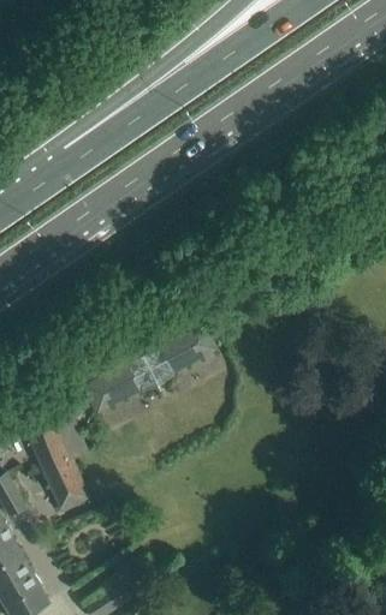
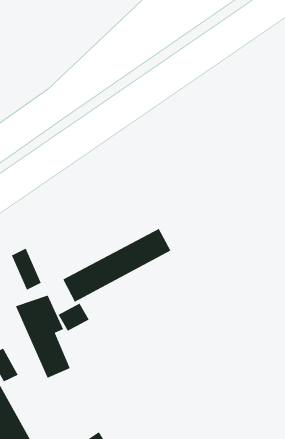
building: none -> [11,248,42,291]
building: none -> [58,303,90,332]

